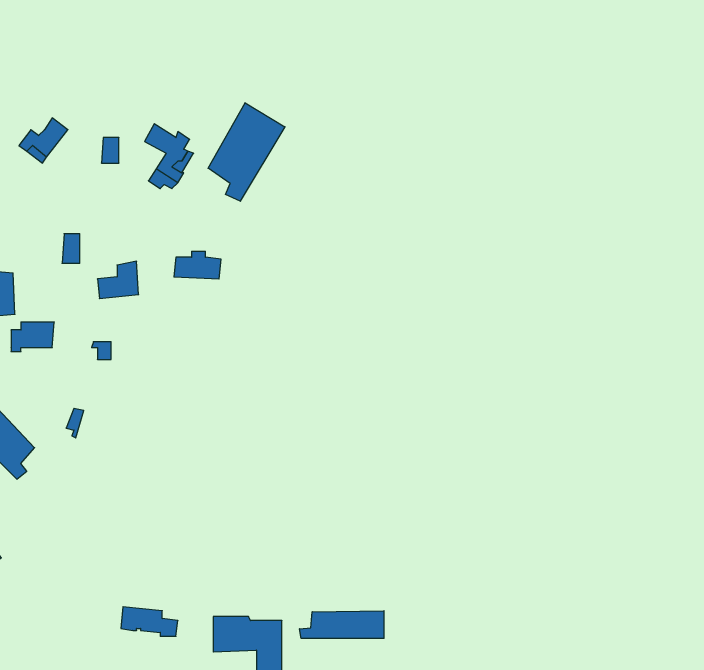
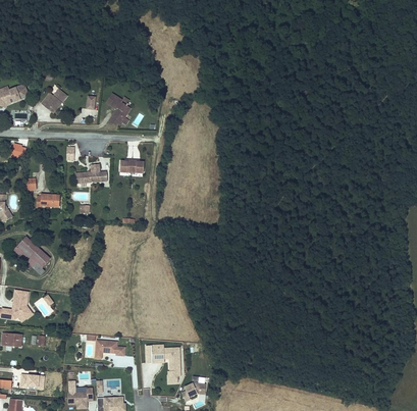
building: [208,103,285,201] -> none
building: [300,611,384,638] -> none

